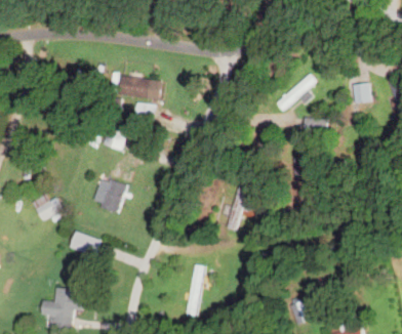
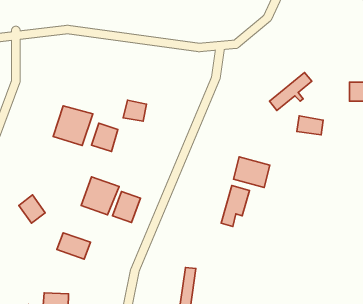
building: [120,77,151,98] -> none
building: none -> [53,106,93,146]
building: none -> [233,157,270,188]
building: none -> [112,191,141,223]

